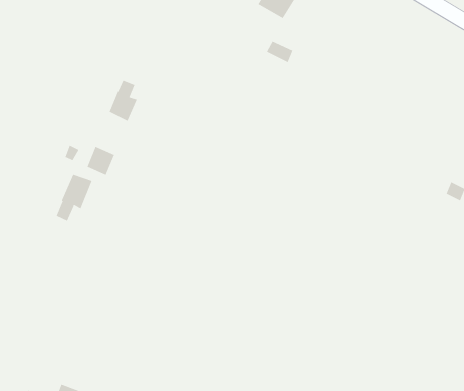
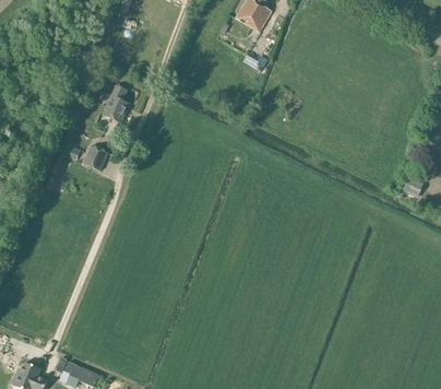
building: [56,174,92,221] -> none

